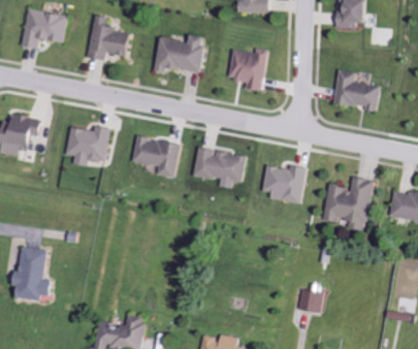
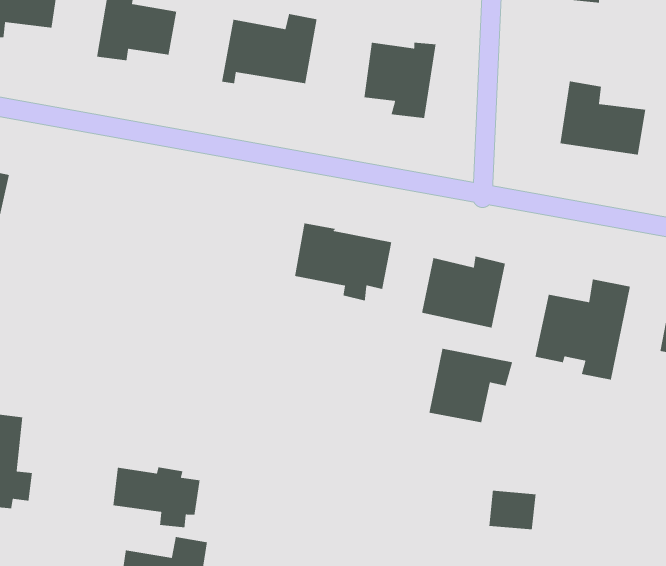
building: [65,125,108,165] -> none
building: [131,136,179,177] -> none
building: none -> [429,348,513,423]
building: none -> [113,466,201,528]

